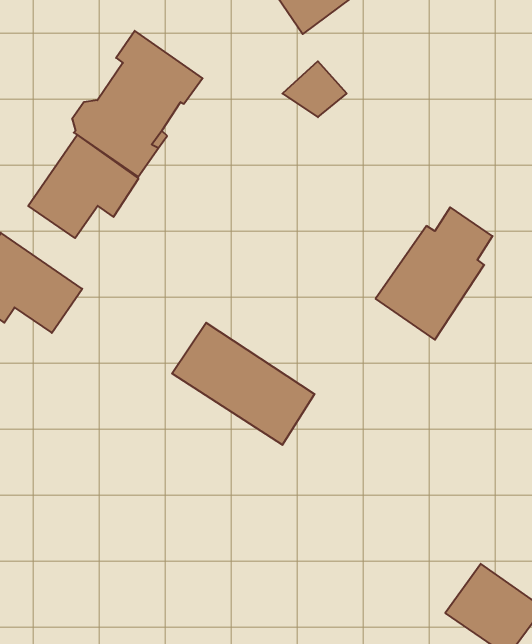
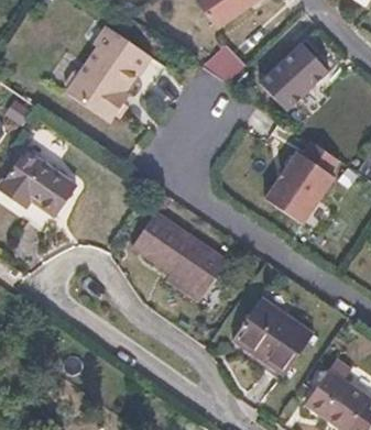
building: none -> [260,44,329,112]
building: [28,135,138,238] -> none
building: none -> [233,297,315,374]

